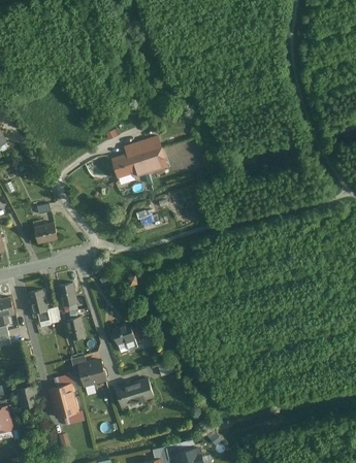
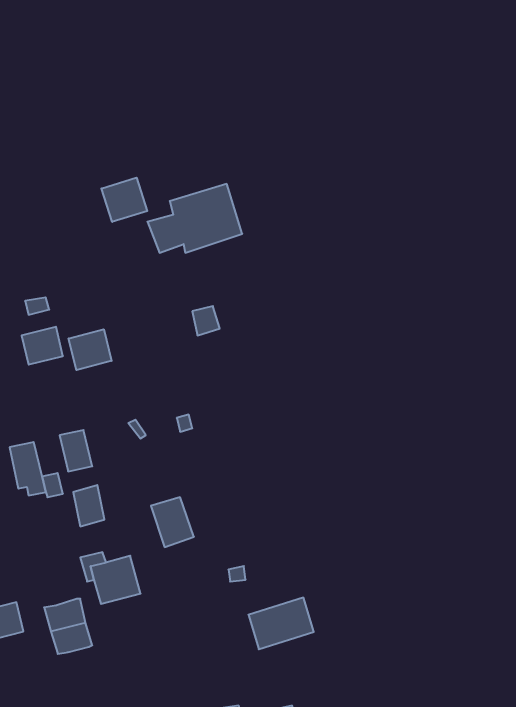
building: none -> [101,178,147,222]
building: none -> [69,329,112,370]
building: [115,378,154,409] -> [248,598,314,649]

